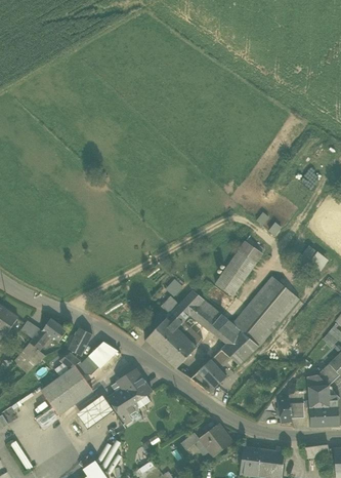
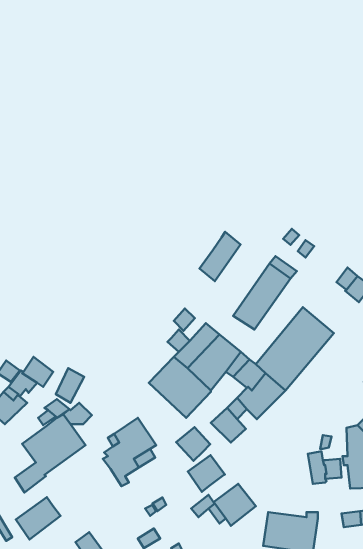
building: none -> [199,232,241,281]
building: [88,342,118,367] -> none
building: none -> [176,427,210,461]
building: [77,395,114,430] -> [16,497,60,539]
building: none -> [188,455,225,492]

